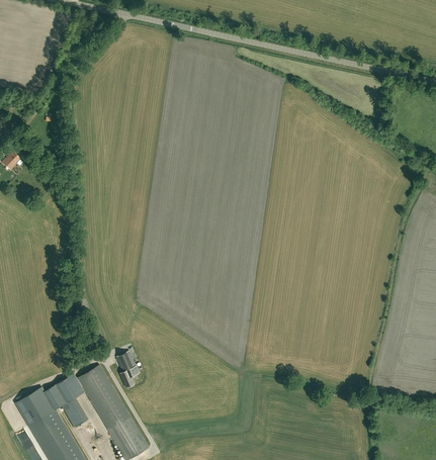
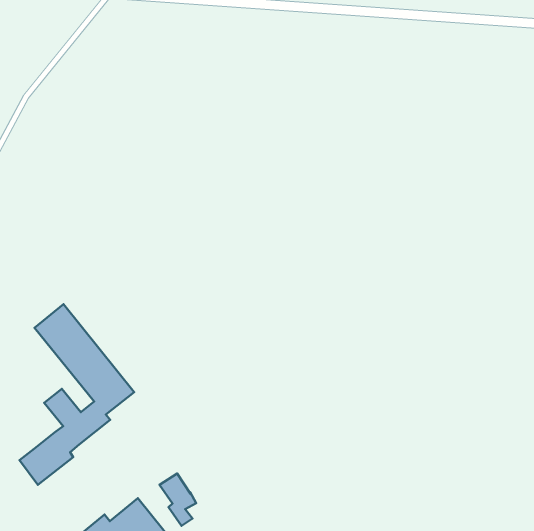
building: none -> [19,304,134,485]

